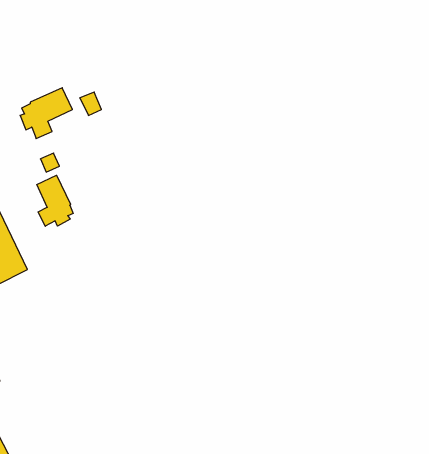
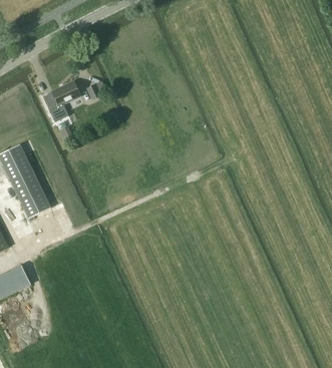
building: [37,175,73,226] -> none

